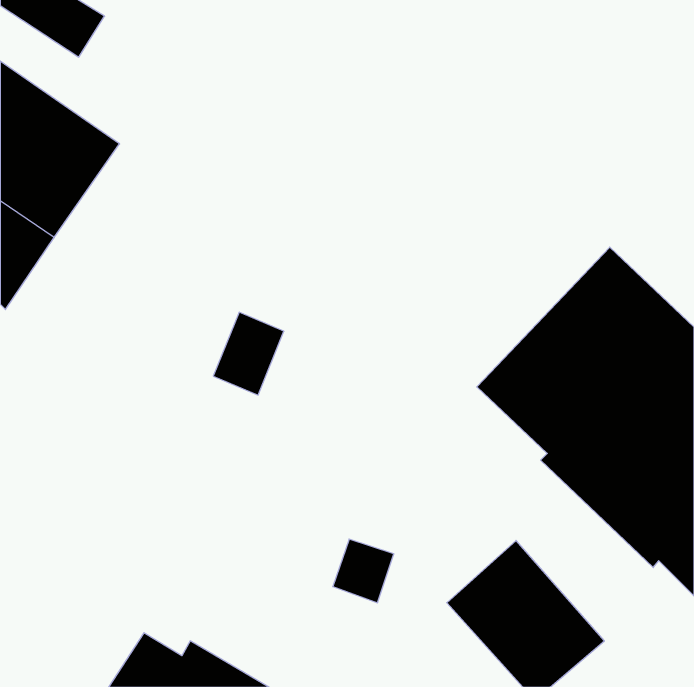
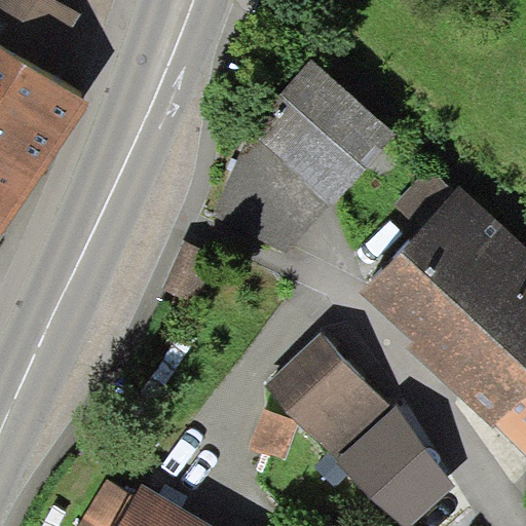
building: none -> [254,65,397,204]
building: none -> [265,332,390,456]

